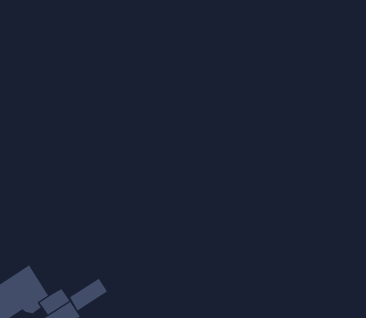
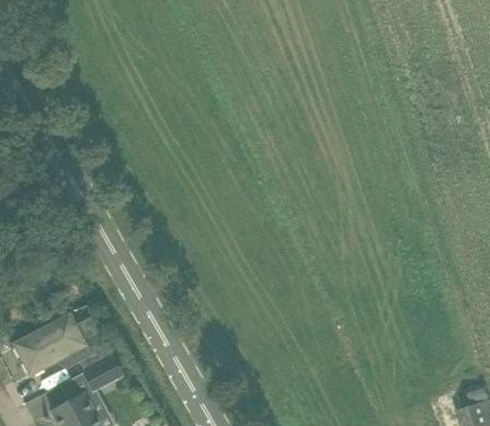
building: [69,278,108,312] -> none

